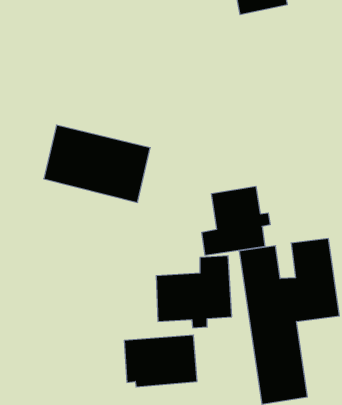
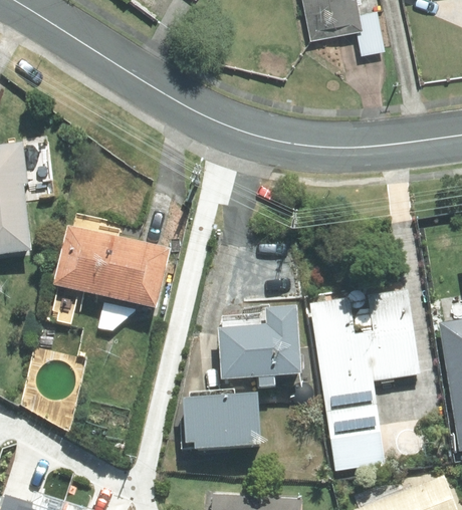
building: [44,125,150,202] -> [52,224,170,309]
building: [202,186,270,255] -> none

